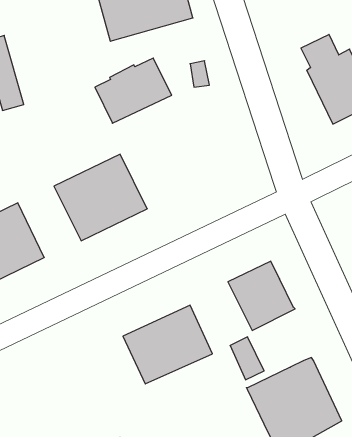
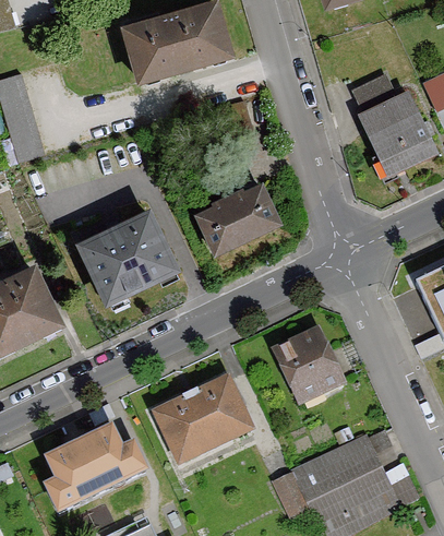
building: [95,58,172,123] -> [195,180,281,253]
building: [230,337,264,380] -> [273,472,311,520]
building: none -> [43,425,147,515]

